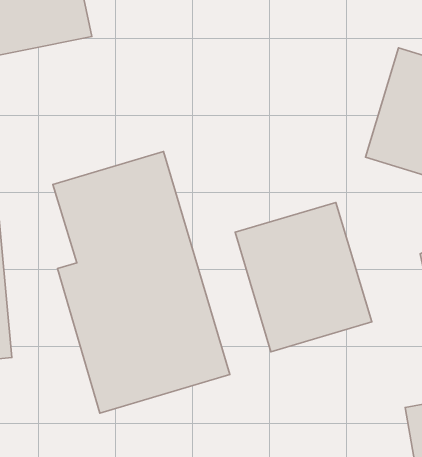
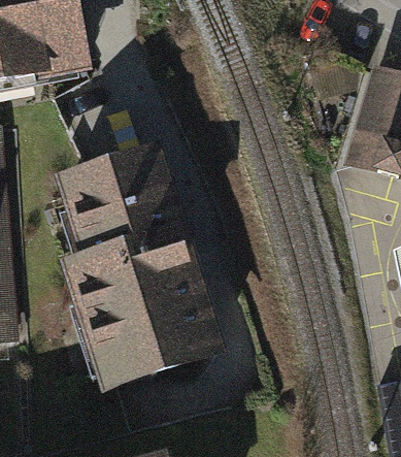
building: [235,202,372,352] -> none

